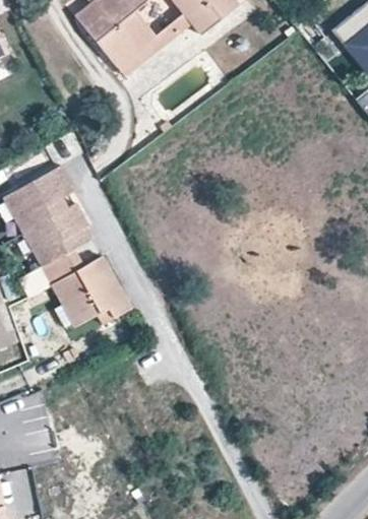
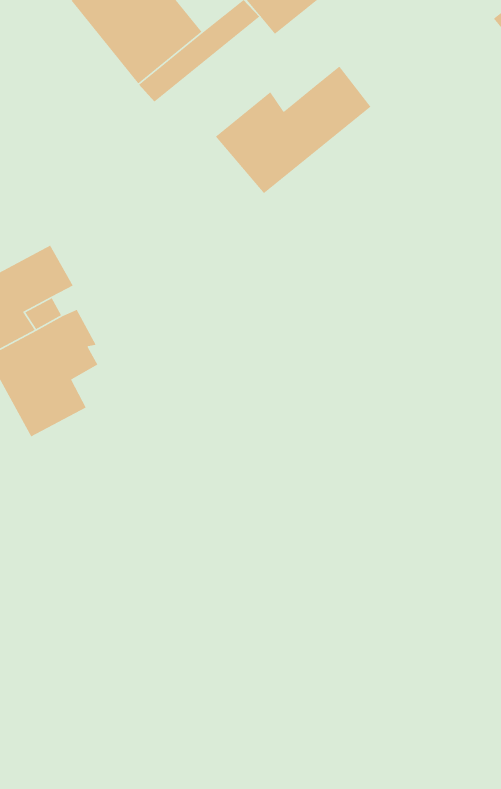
building: none -> [215,66,371,194]
building: [50,256,131,328] -> none

